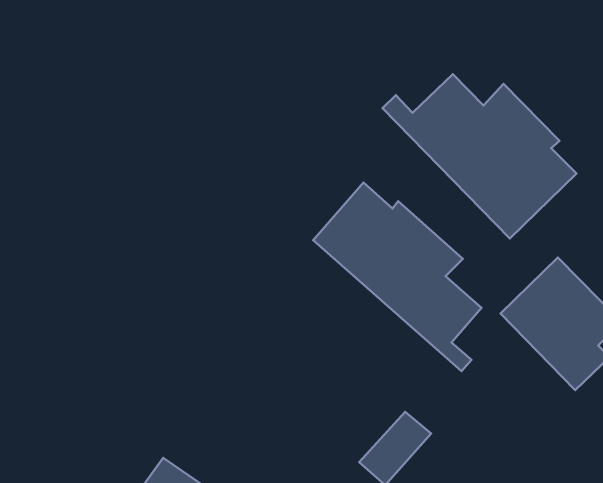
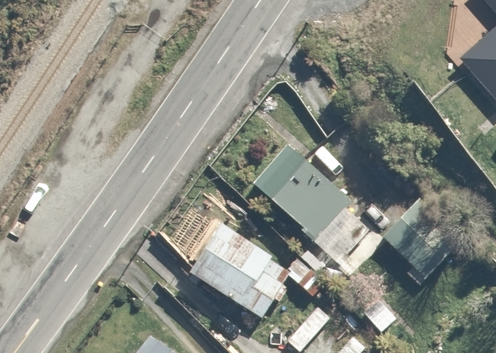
building: [383,74,577,238] -> none
building: none -> [190,222,294,321]

